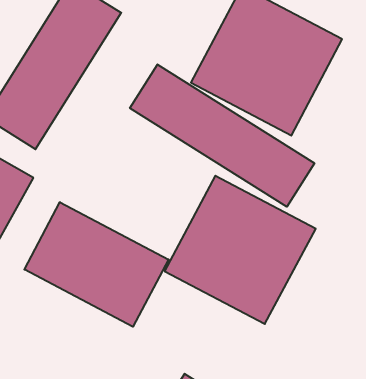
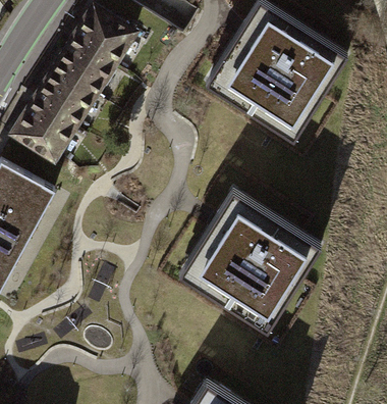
building: [130,64,314,207] -> none
building: [24,202,169,327] -> none

